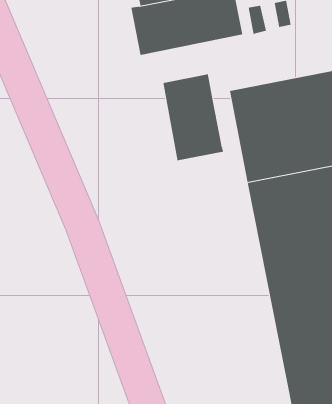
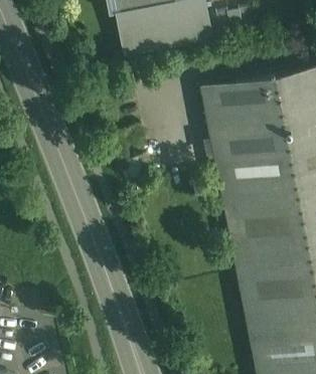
building: [163,74,224,161] -> none

